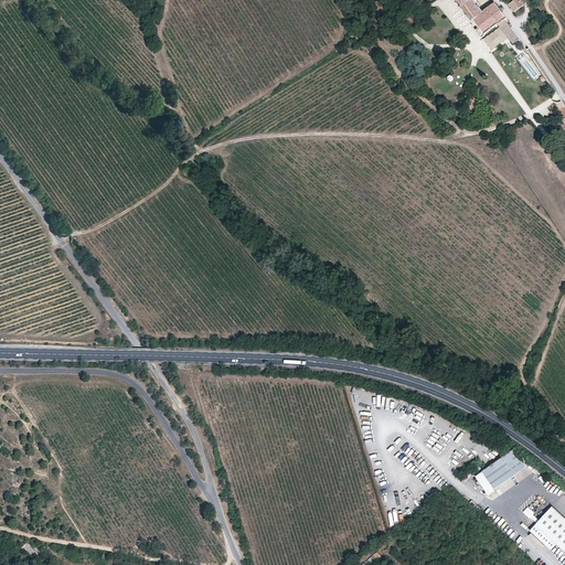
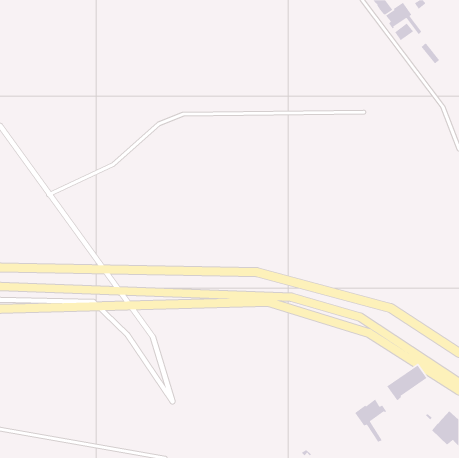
building: none -> [354,399,387,443]

